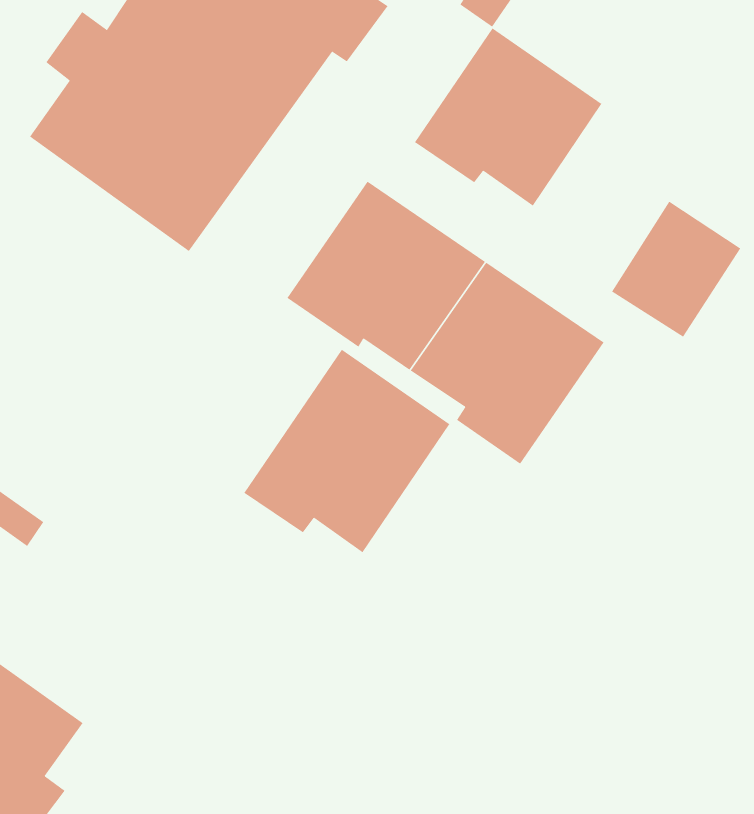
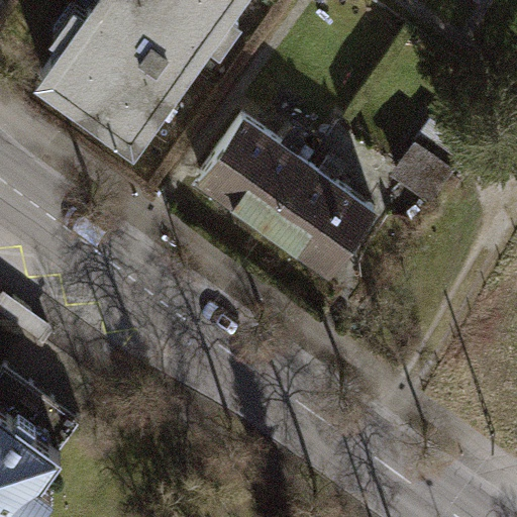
building: [414,28,602,207] -> none
building: [244,349,450,553] -> none

